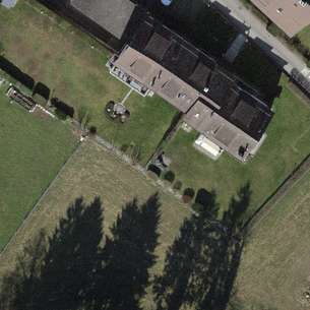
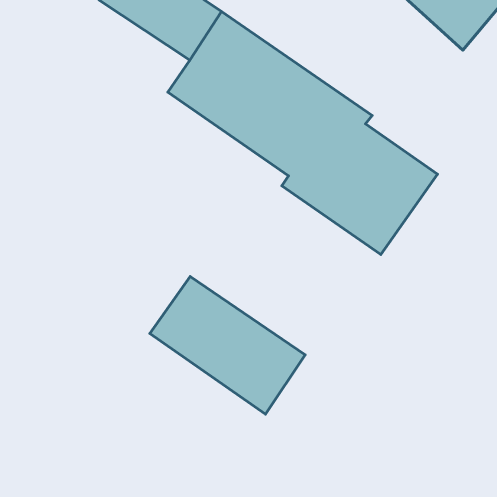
building: none -> [150,276,305,414]

